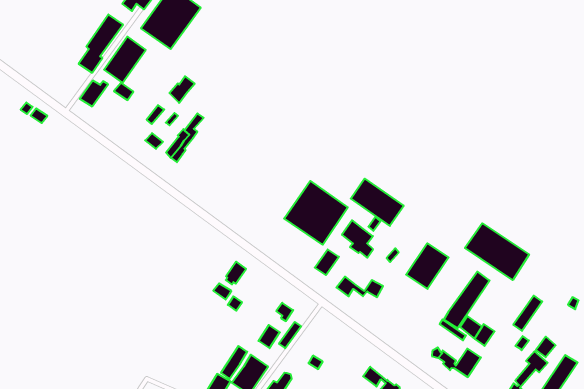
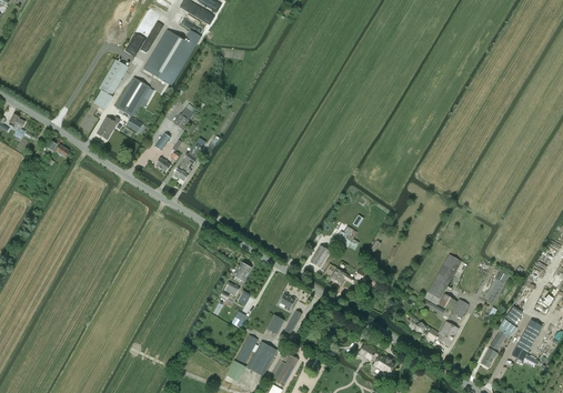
building: [351,179,404,226] -> none
building: [284,181,348,245] -> none
building: [465,223,529,280] -> none
building: [406,243,449,289] -> none

